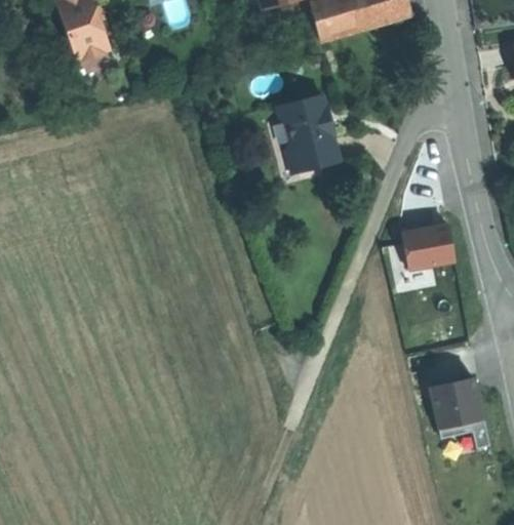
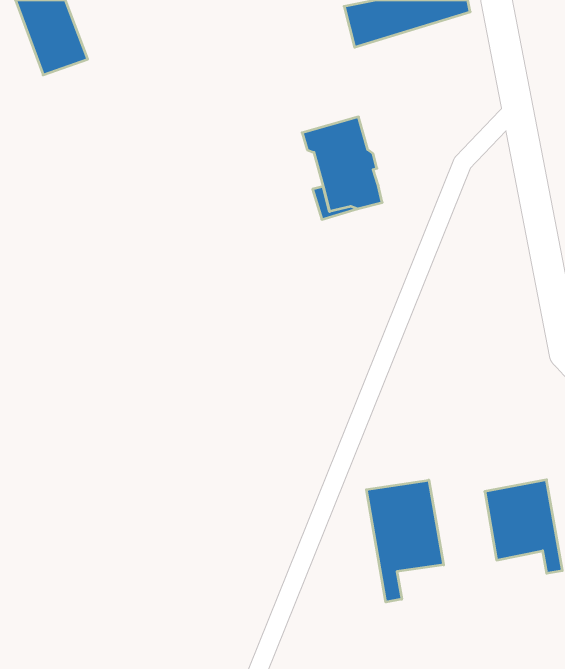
building: [395,225,448,271] -> none
building: none -> [366,480,444,602]

